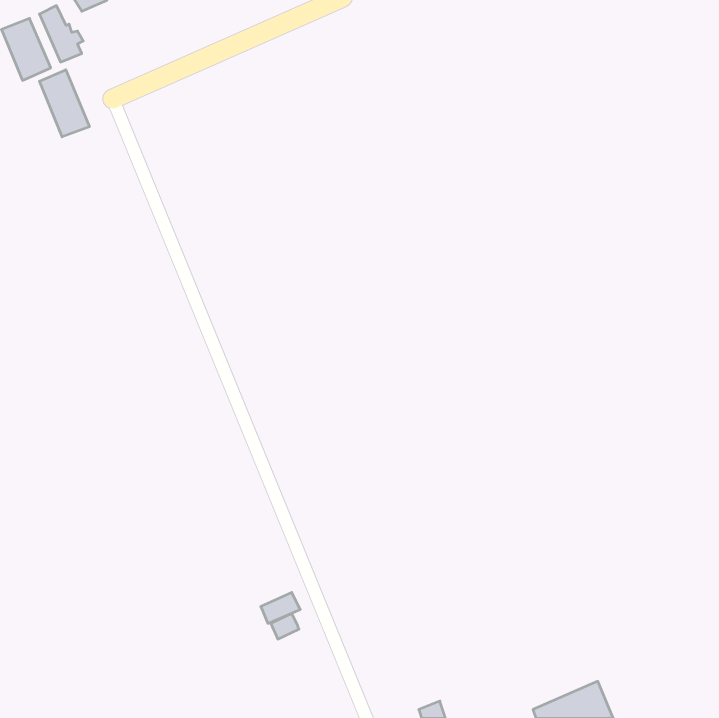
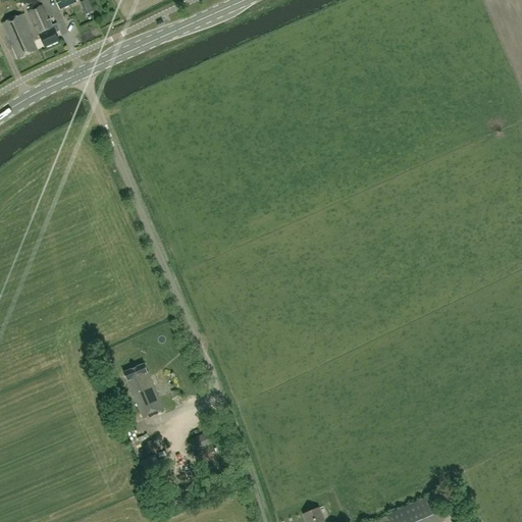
building: [39,70,89,137] -> none
building: none -> [123,362,164,417]

